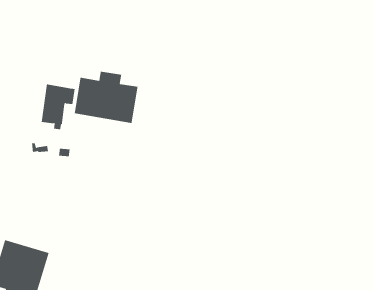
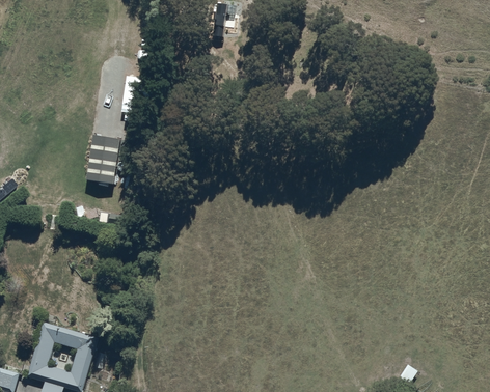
building: [74,71,138,124] -> none

